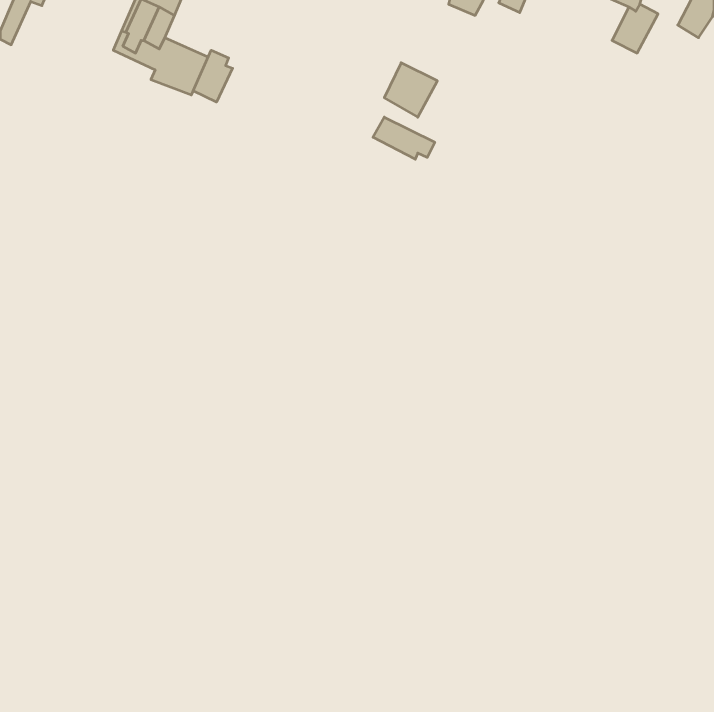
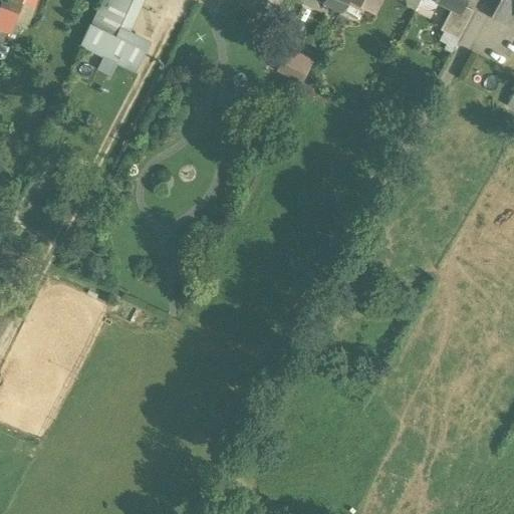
building: [193,50,233,102] -> none
building: [373,117,435,159] -> none

